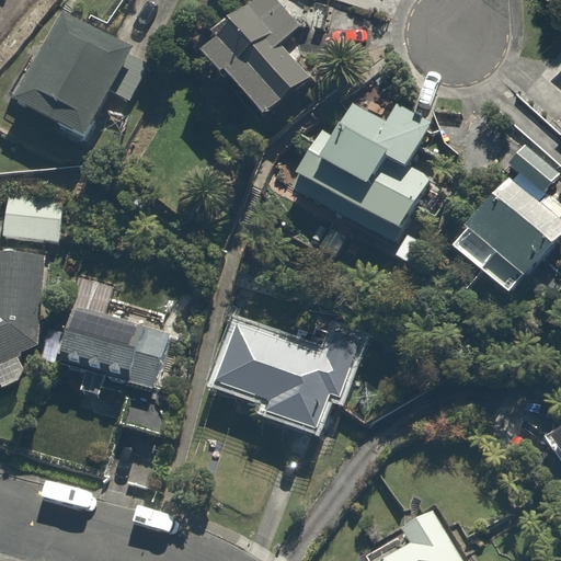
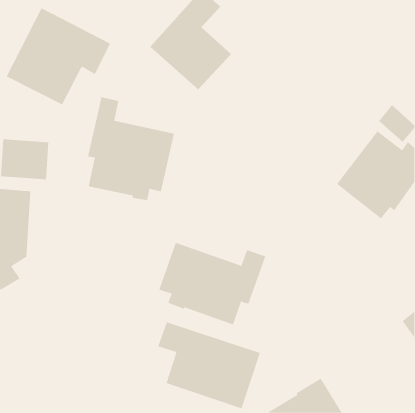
building: [296,100,434,233] -> none
building: none -> [88,96,175,201]
building: [62,272,172,432] -> none
building: none -> [158,322,261,409]

